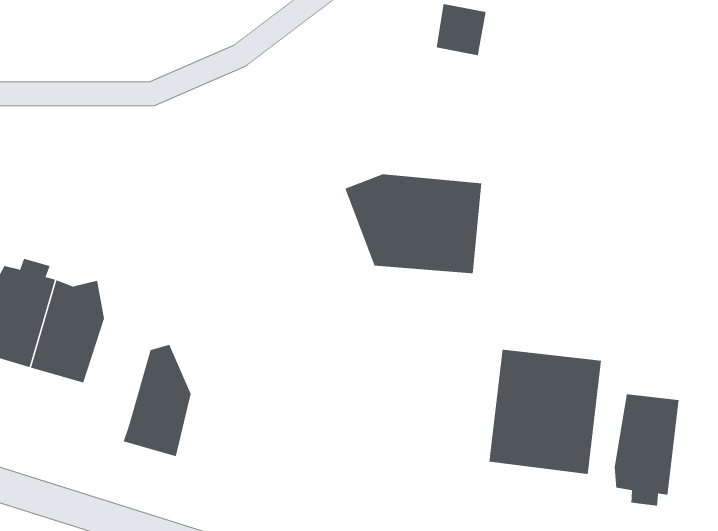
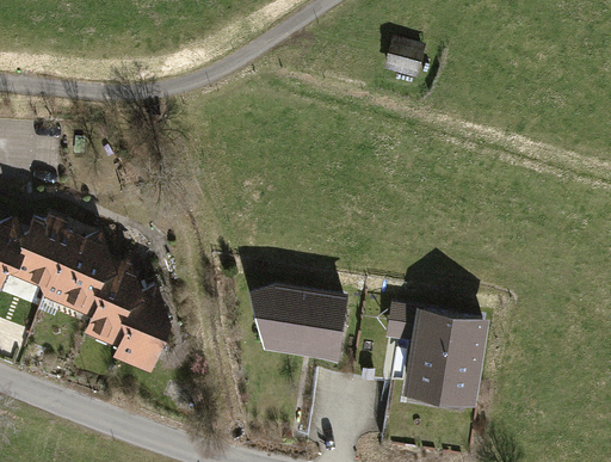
building: [345,174,482,274] -> [242,279,348,361]
building: none -> [84,259,143,349]
building: [614,394,679,506] -> none

